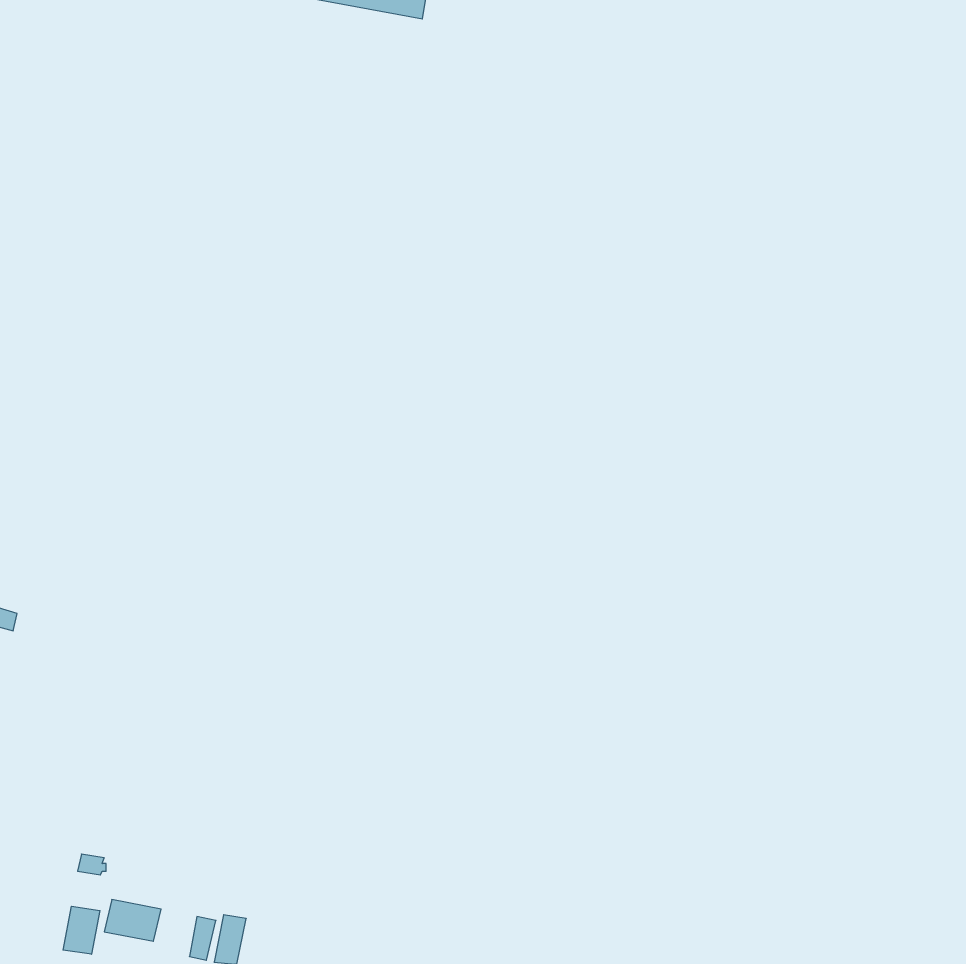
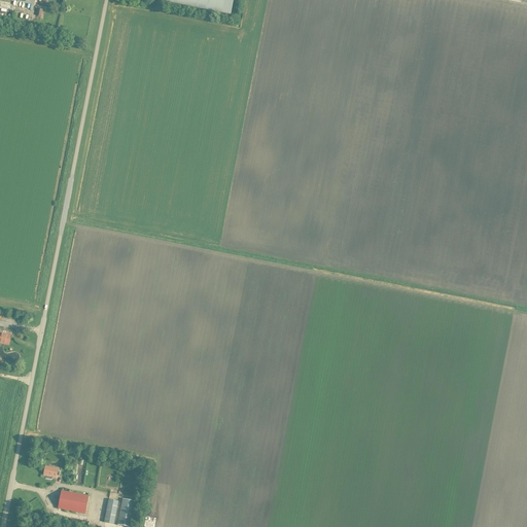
building: [63,906,100,954] -> none

